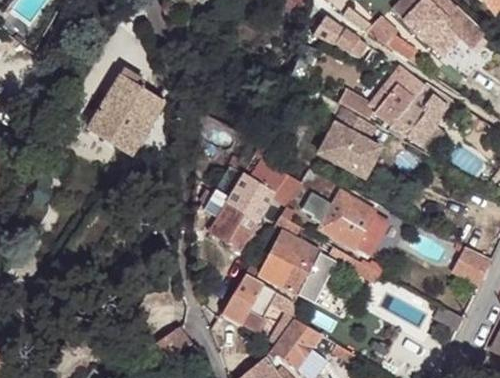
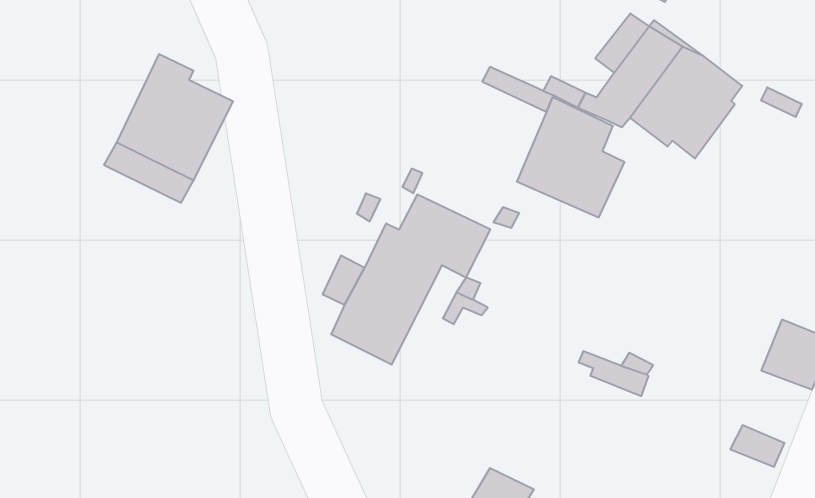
building: [320,192,391,256] -> none
building: [260,230,337,301] -> none
building: [221,275,291,321] -> none

